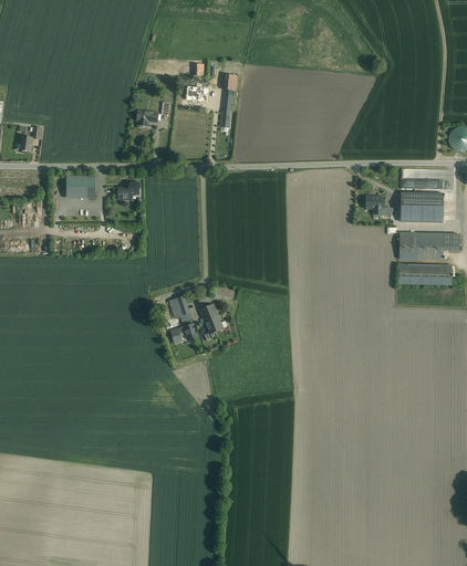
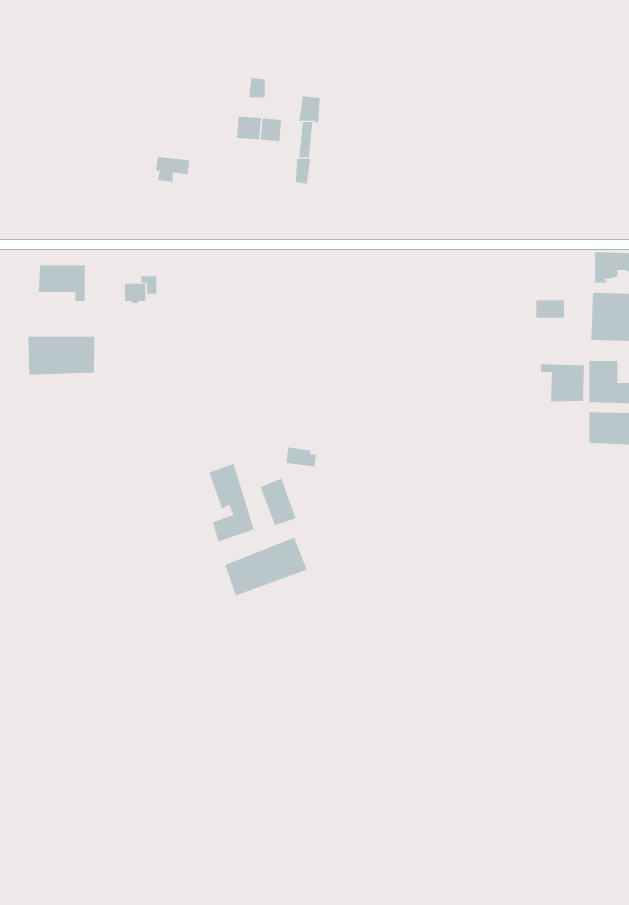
building: none -> [28,336,95,376]
building: none -> [540,364,585,402]
building: none -> [224,537,307,596]

